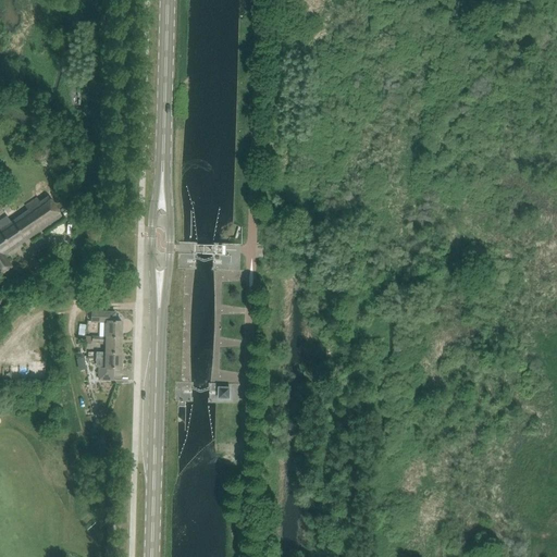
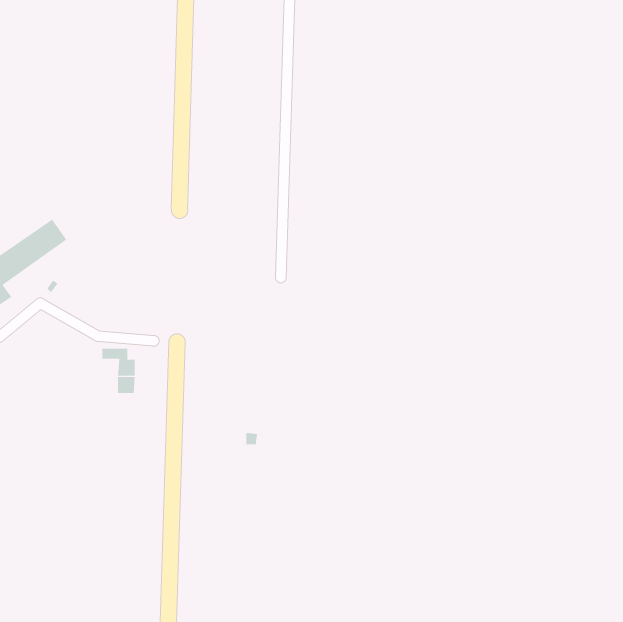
building: [96,350,121,377] -> none

